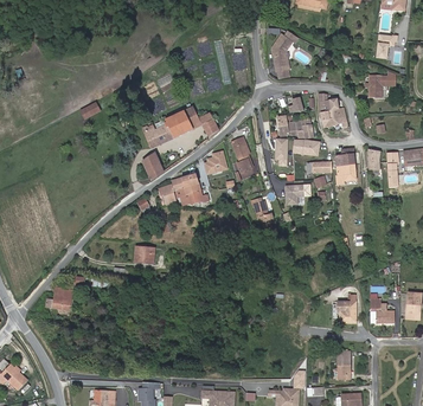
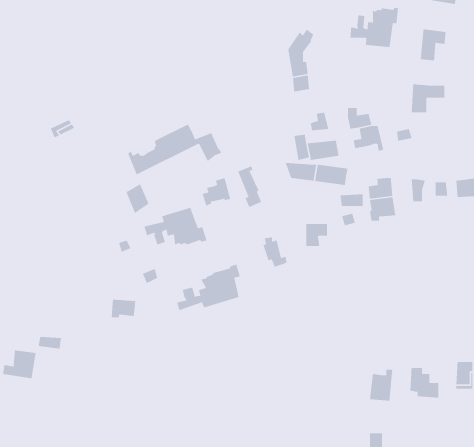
building: none -> [349,7,399,48]
building: none -> [176,264,241,311]

